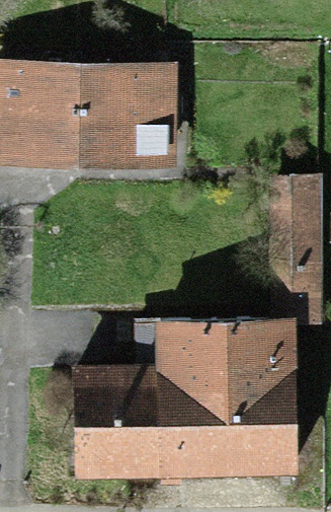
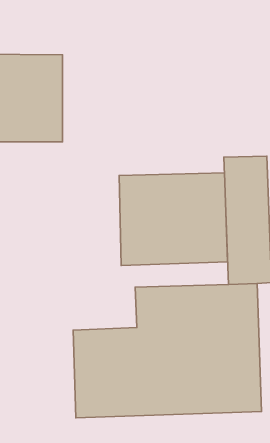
building: [76,66,172,165] -> none
building: none -> [119,173,228,266]

